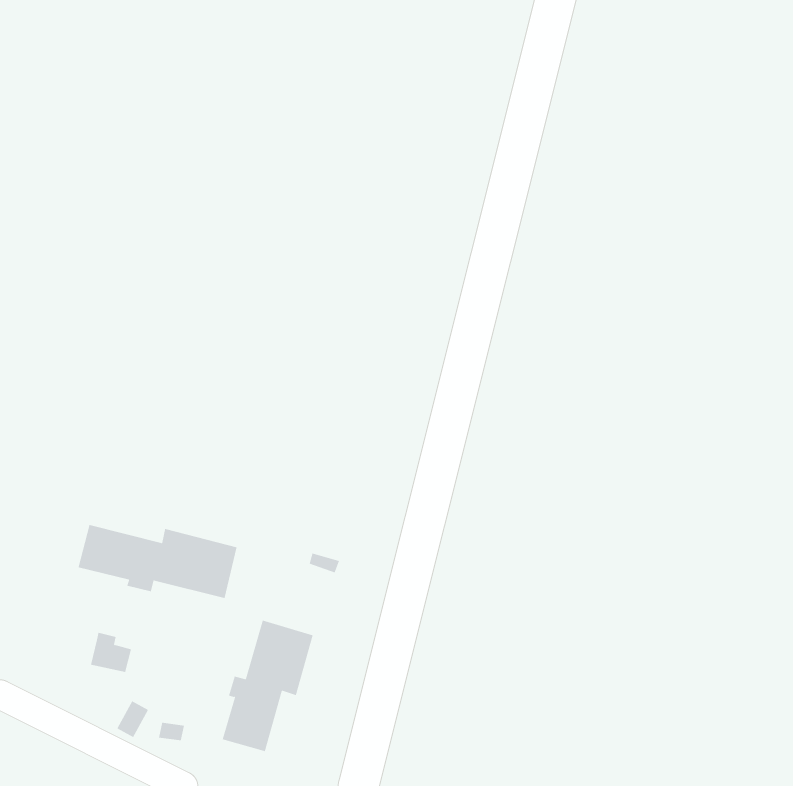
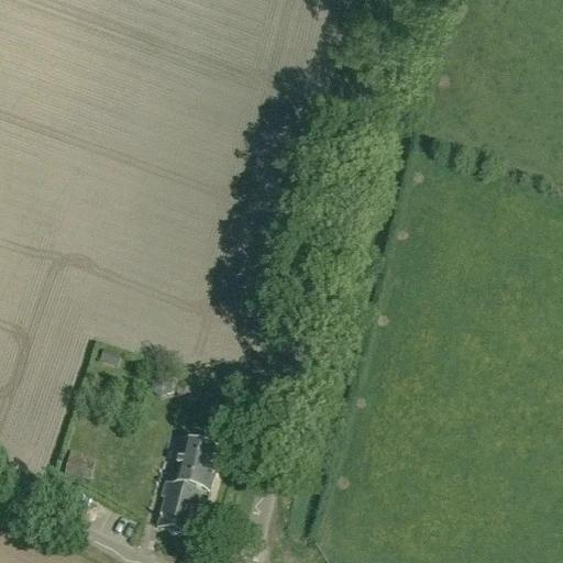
building: [78,524,237,599] -> none

